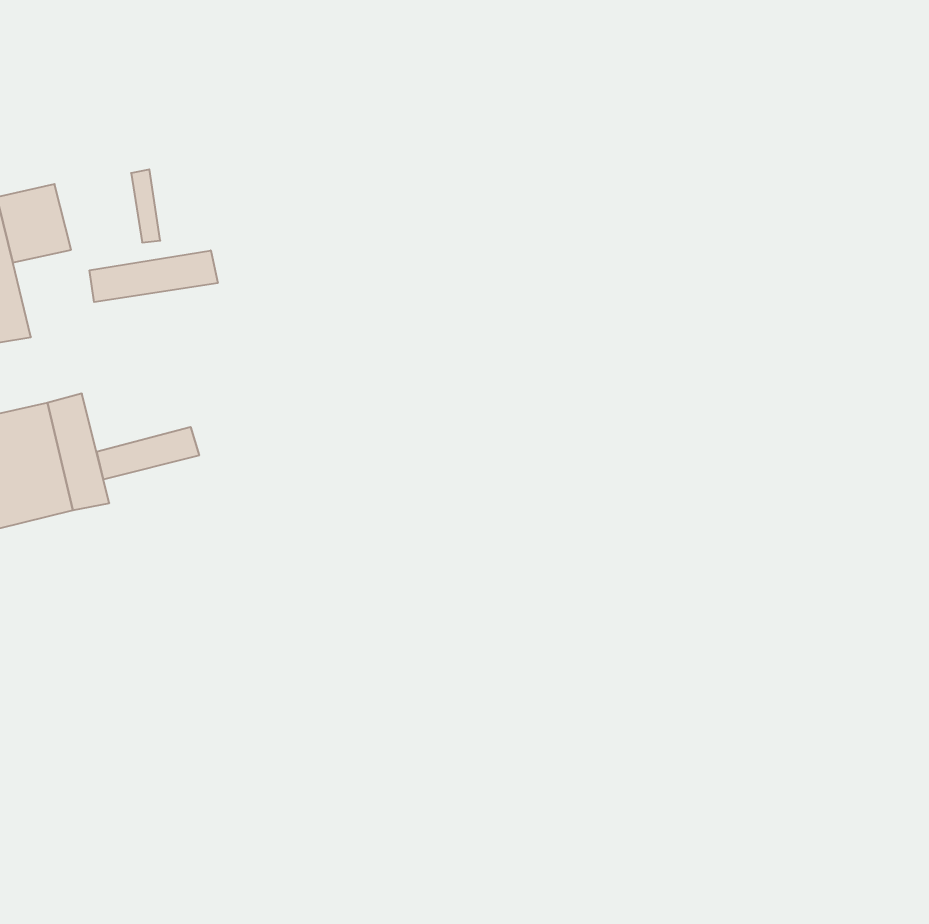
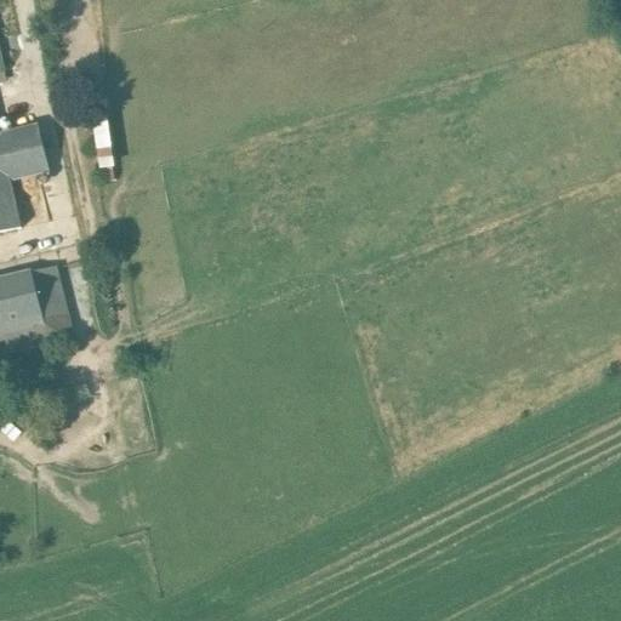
building: [90,250,218,302] -> none
building: [97,427,199,479] -> none

